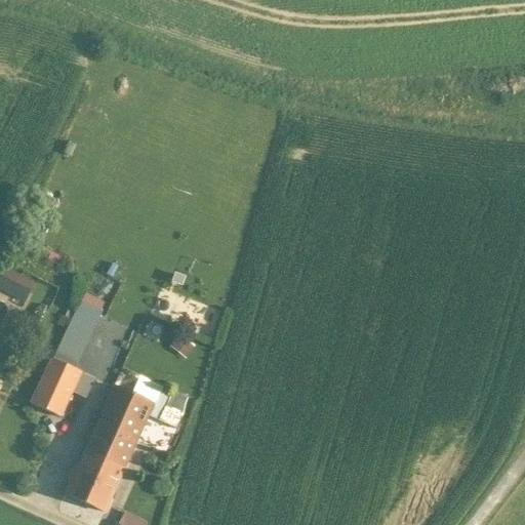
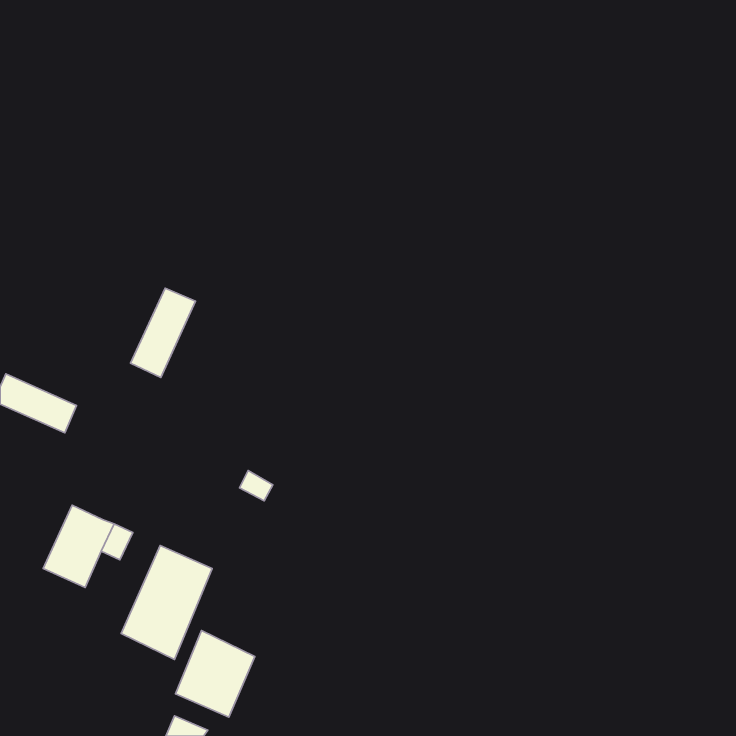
building: [52,306,98,369] -> [131,288,196,378]
building: [69,450,125,512] -> [176,630,255,717]

